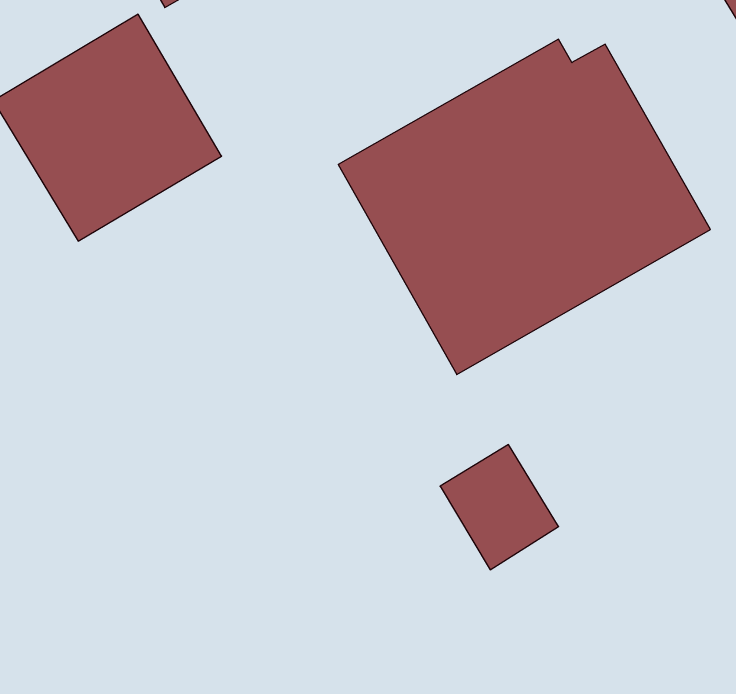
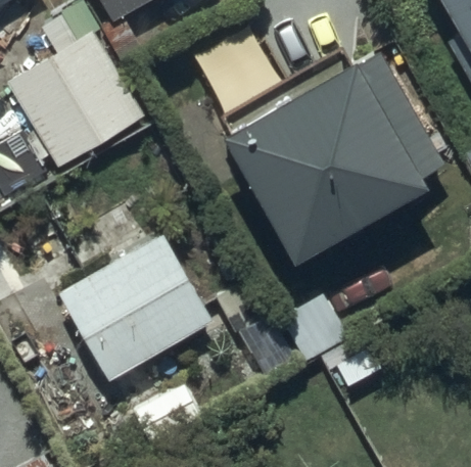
building: none -> [56,213,213,382]

